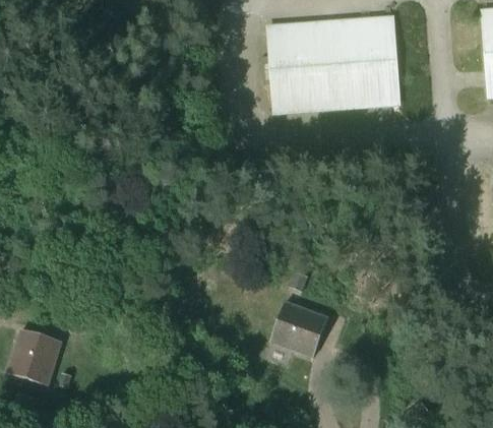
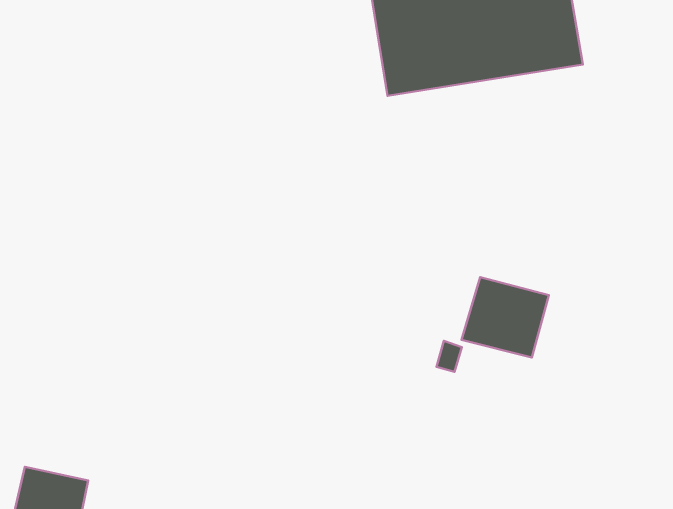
building: [270,301,328,355] -> [462,277,549,358]

